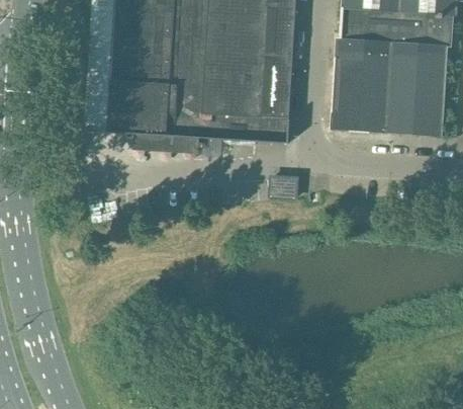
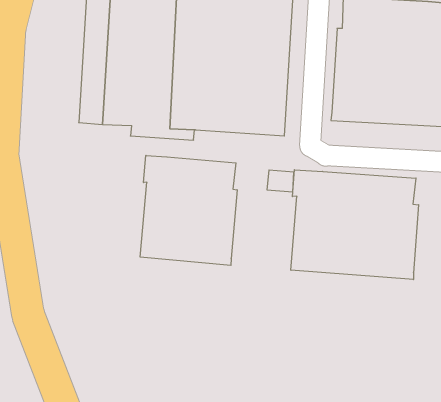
building: none -> [140,155,237,265]
building: none -> [291,170,419,280]

